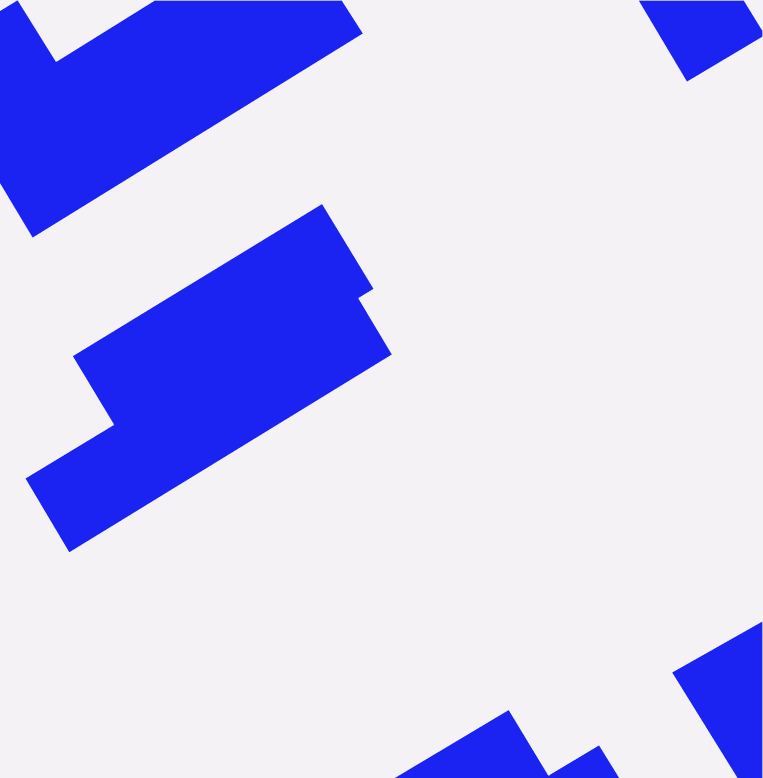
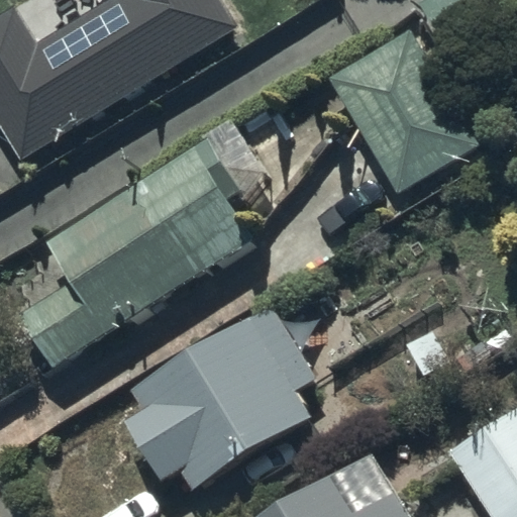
building: none -> [332,28,478,190]
building: none -> [127,305,313,483]

